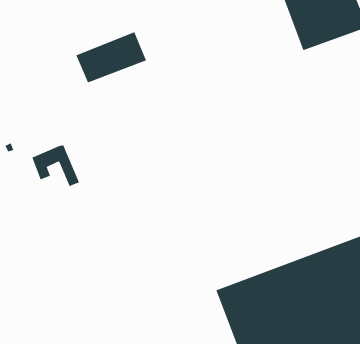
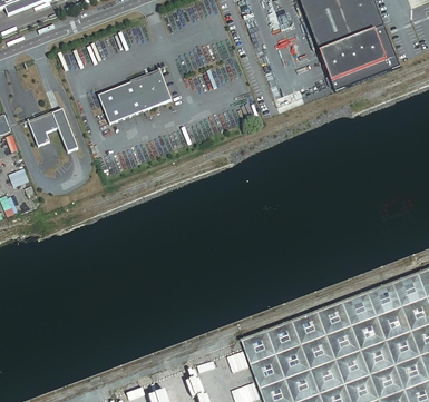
building: [31,145,80,187] -> [28,109,78,153]

